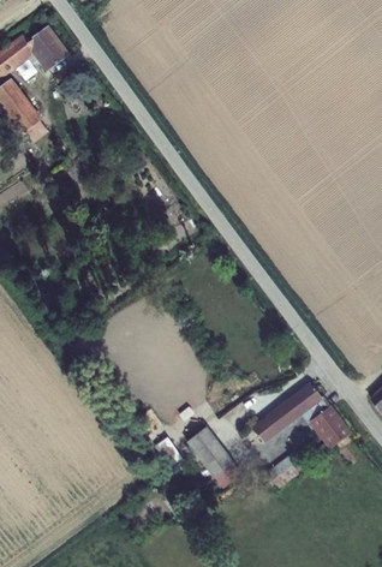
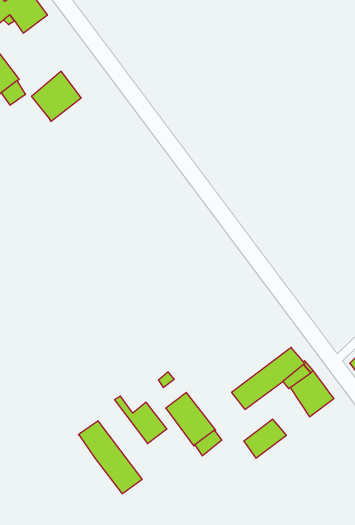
building: none -> [32,71,81,121]
building: none -> [78,421,142,494]

